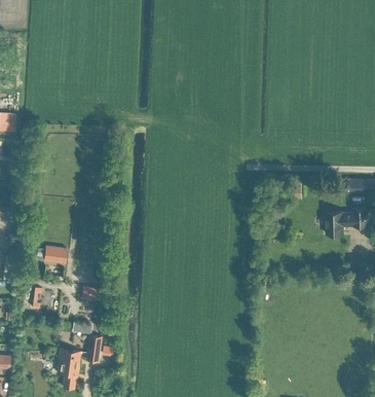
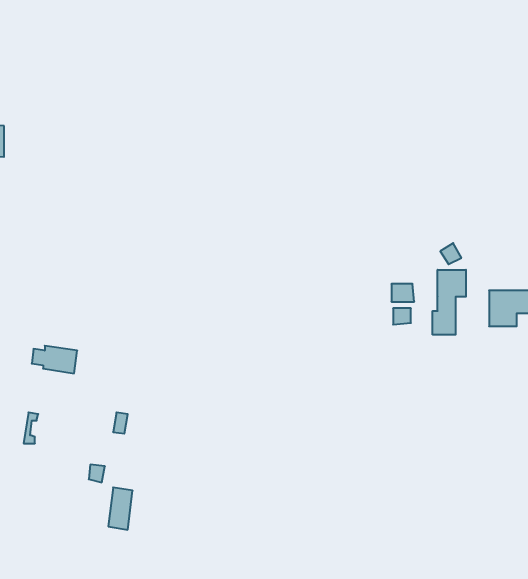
building: none -> [433,270,466,335]
building: [58,350,81,389] -> none

